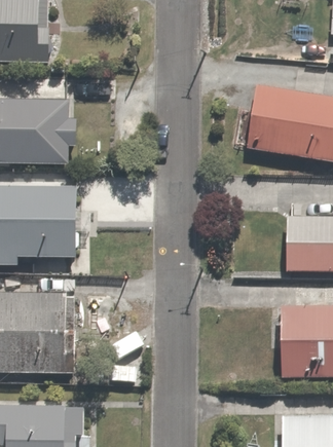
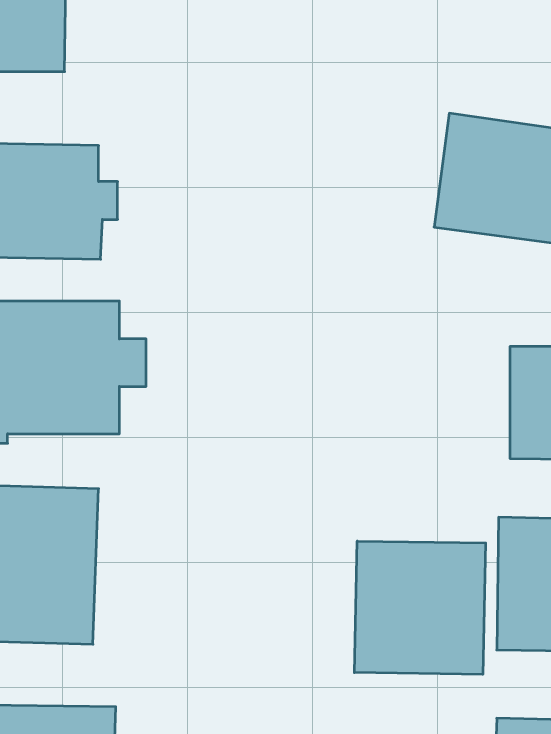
building: none -> [354,541,486,674]

